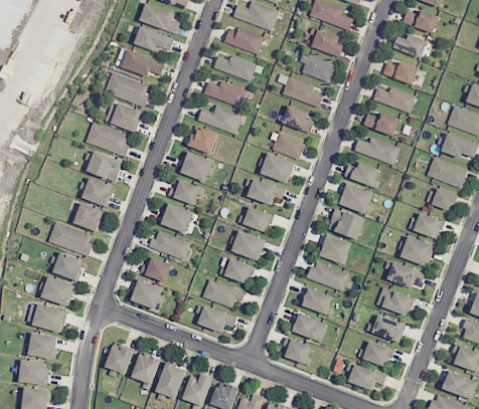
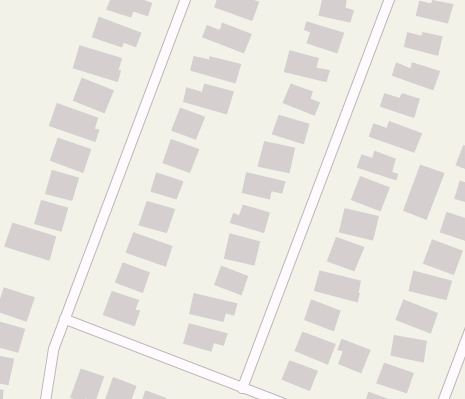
building: none -> [402,164,445,221]
building: [52,251,85,281] -> none
building: none -> [336,338,372,374]

